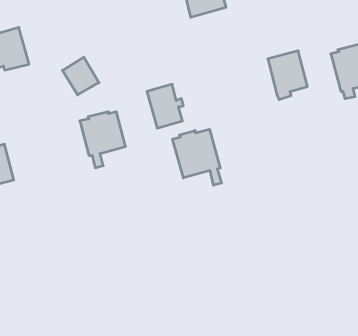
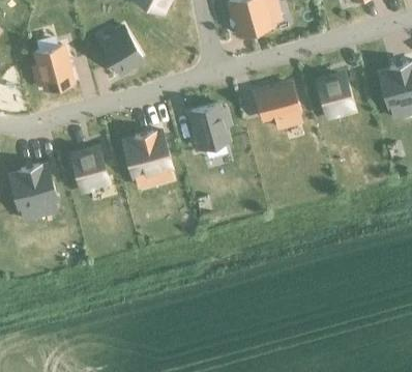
building: [62,57,99,95] -> [104,32,141,70]
building: none -> [255,85,299,130]
building: [173,129,222,185] -> none
building: none -> [72,150,106,195]

